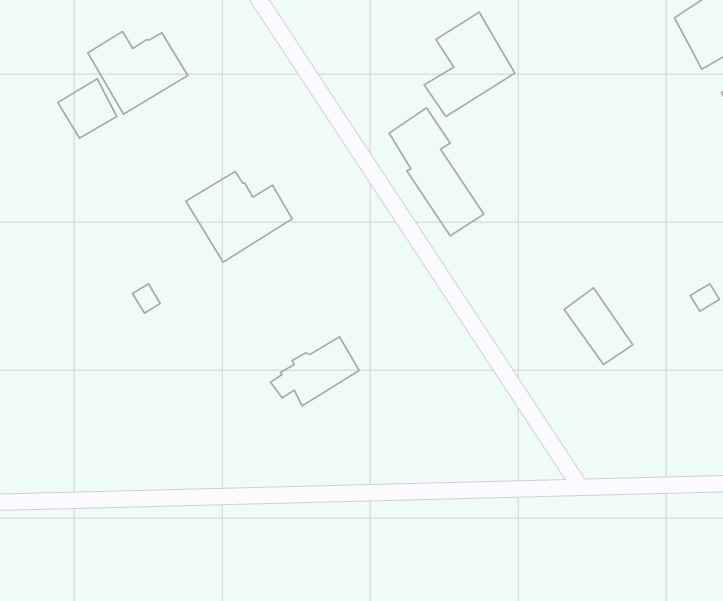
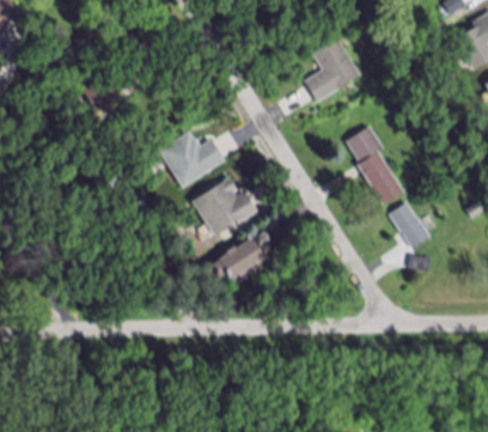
building: [88,31,188,114] -> none
building: [389,108,484,236] -> [347,129,404,207]
building: none -> [194,178,258,236]

